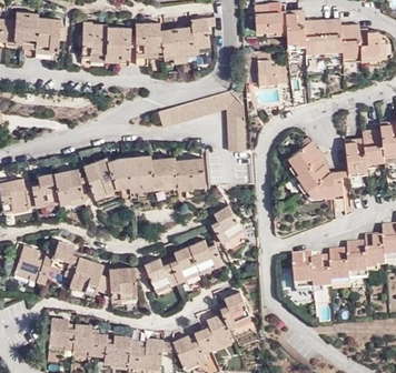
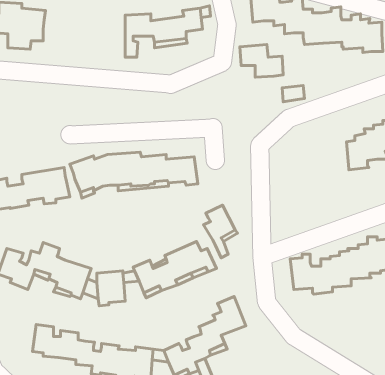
building: [81,23,130,71] -> none
building: [158,91,245,151] -> none
building: [288,141,343,198] -> none

